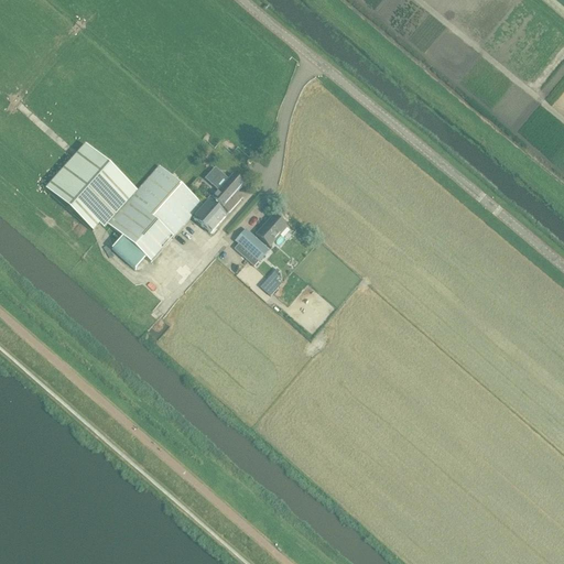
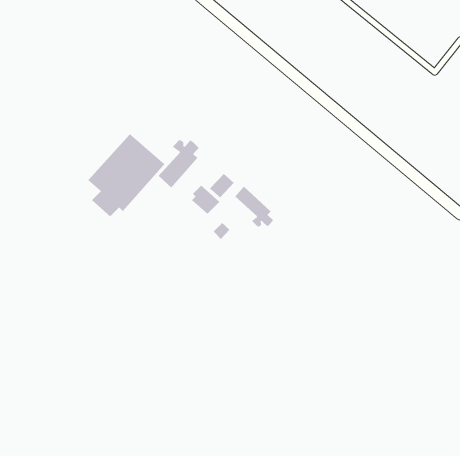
building: [46,141,133,227] -> none
building: none -> [234,186,274,227]

